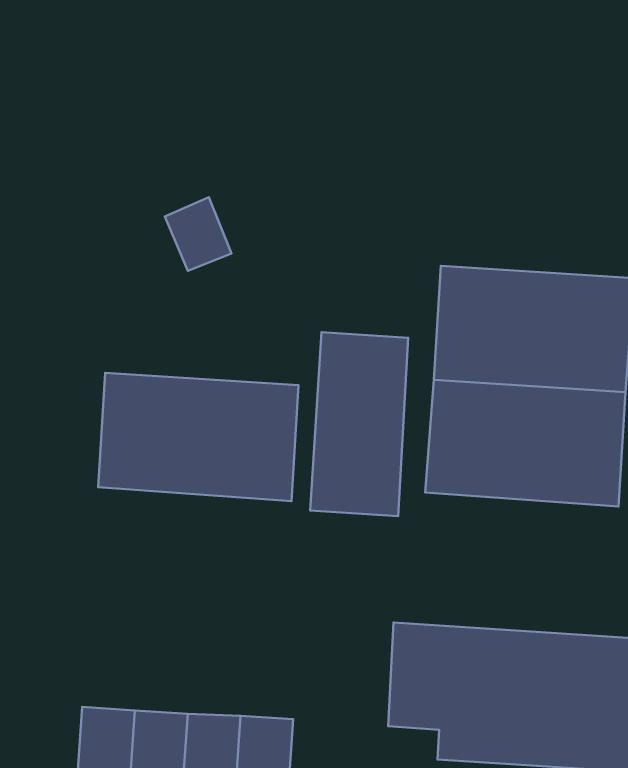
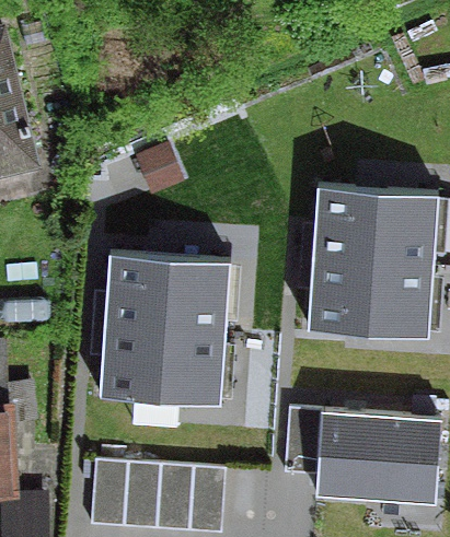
building: [310,332,408,516] -> none
building: none -> [99,325,224,404]

